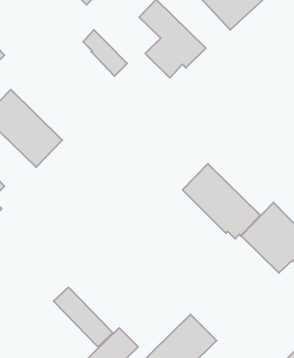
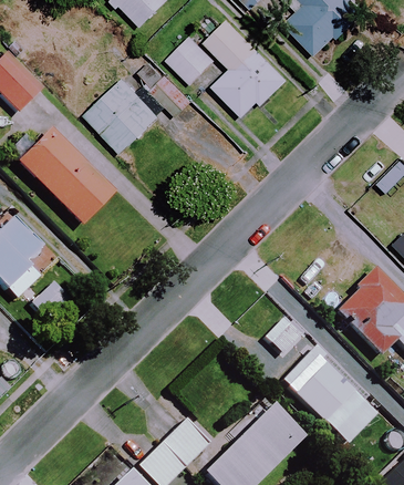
building: none -> [172,31,220,80]
building: none -> [90,76,162,149]
building: [183,164,260,239] -> [283,347,379,438]
building: [54,287,113,347] -> none

